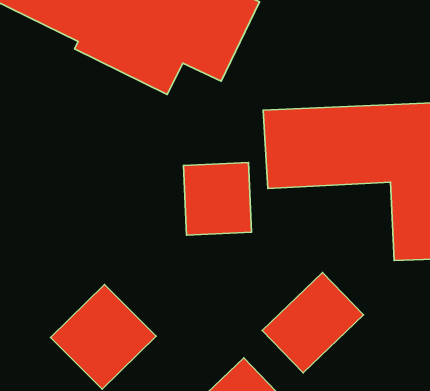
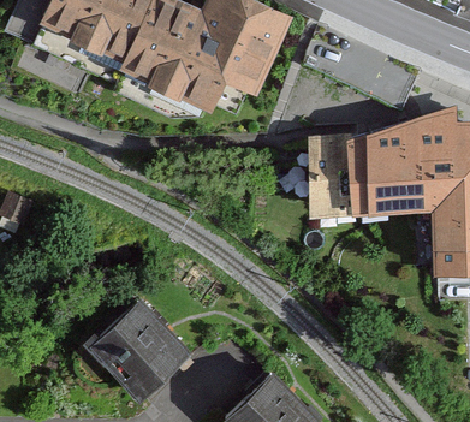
building: [184,163,251,235] -> none
building: [262,273,363,373] -> none

